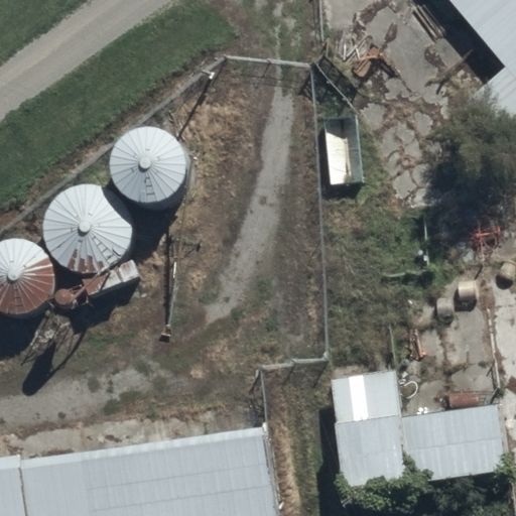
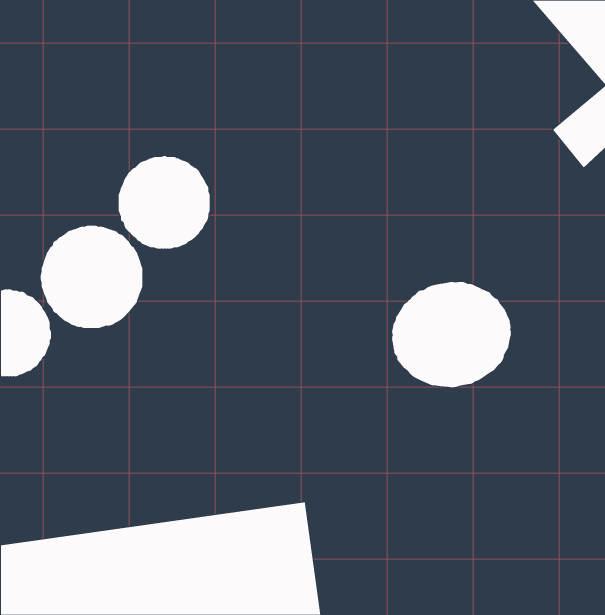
building: none -> [392,281,511,388]
building: [325,371,511,497] -> none

